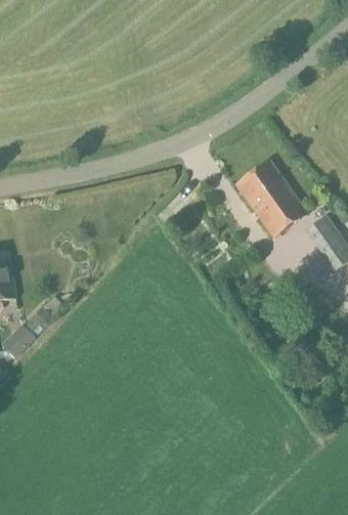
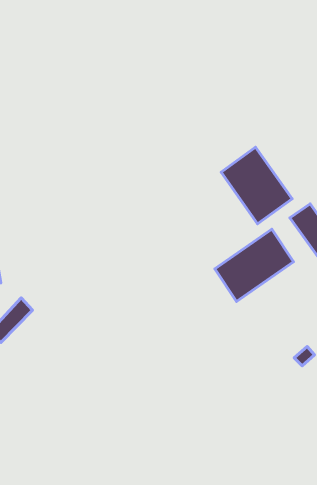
building: none -> [215,229,294,301]

